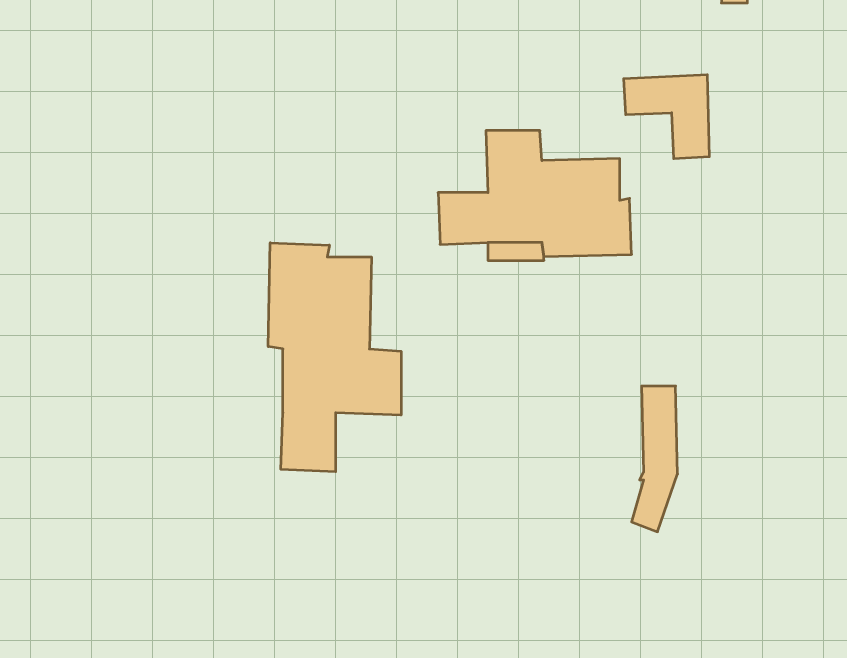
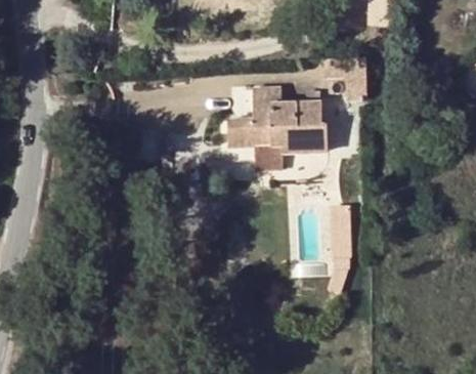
building: [268,243,401,472] -> none

